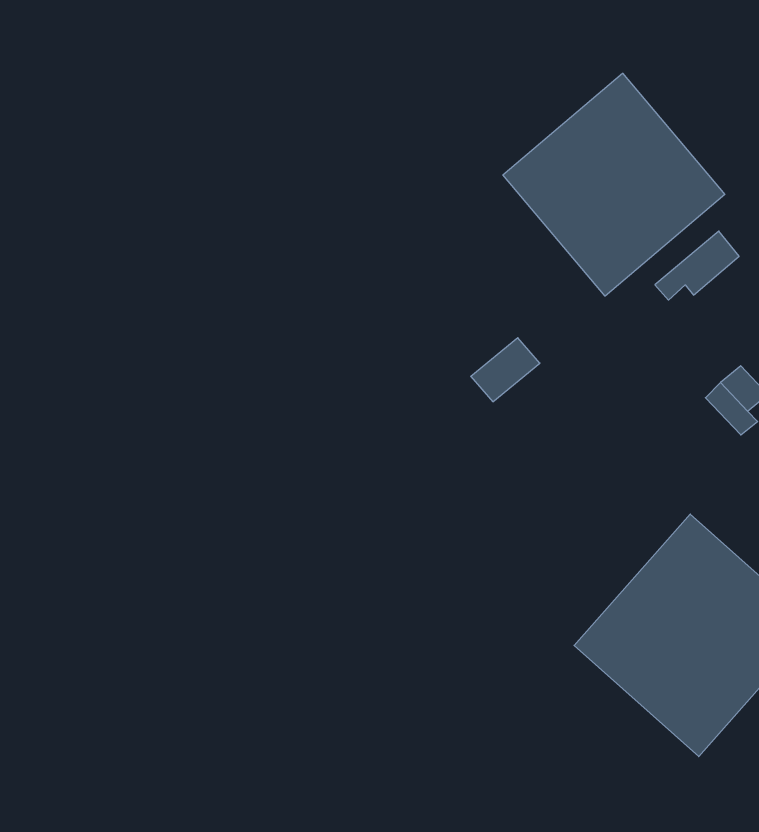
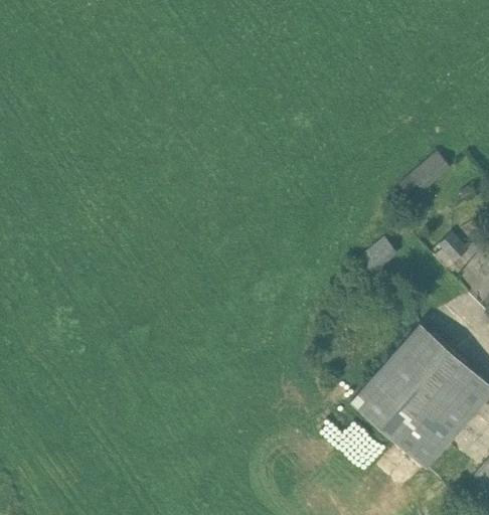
building: [503,73,725,296] -> none
building: [471,338,540,402] -> [357,238,398,277]

